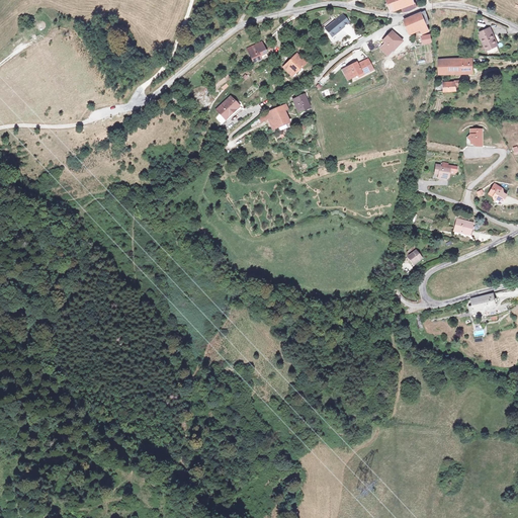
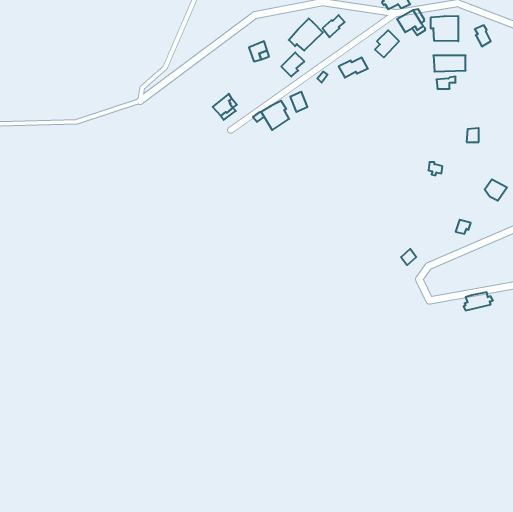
building: none -> [431,16,458,41]
building: none -> [289,18,323,51]

